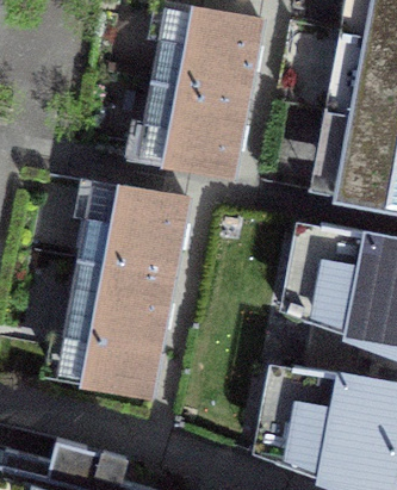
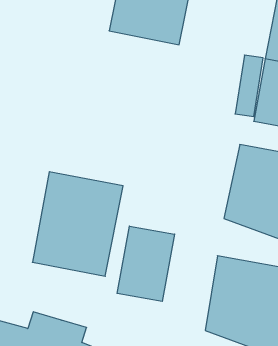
building: [138,82,243,178] -> none
building: [77,186,187,280] -> none
building: none -> [117,226,175,301]

